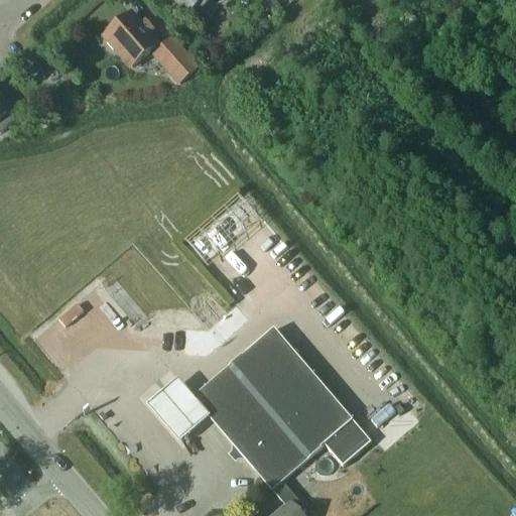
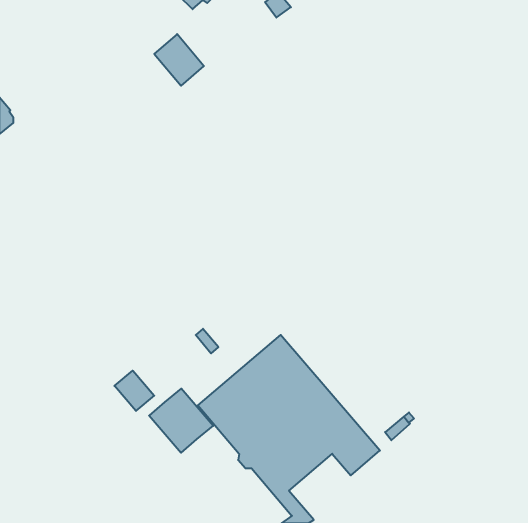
building: [104,11,156,64] -> none
building: none -> [114,371,154,411]

